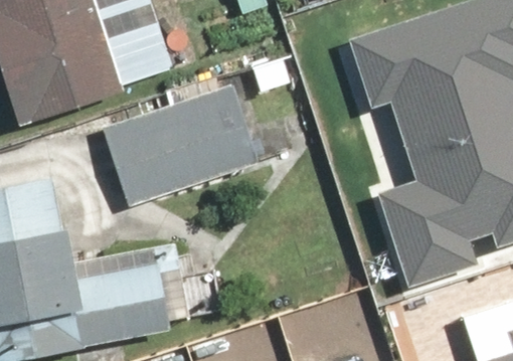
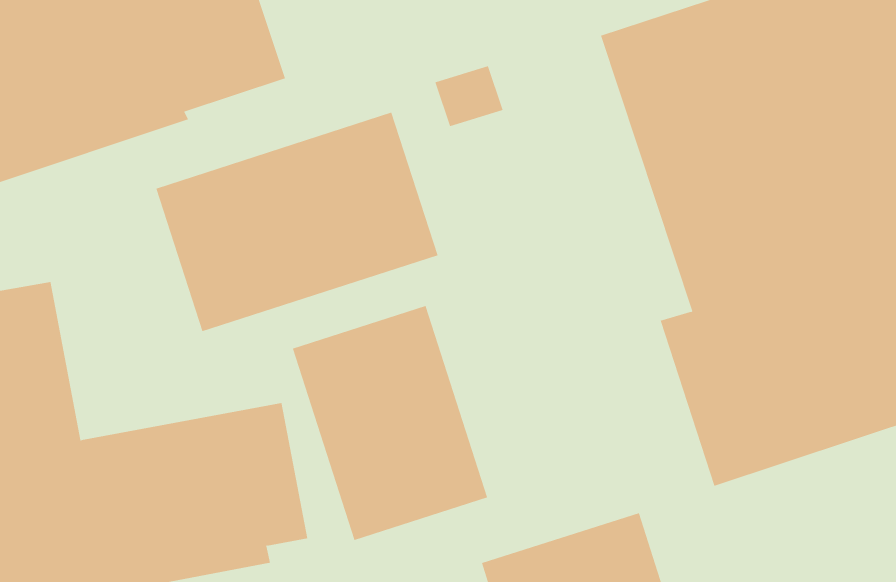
building: none -> [292,305,488,541]

